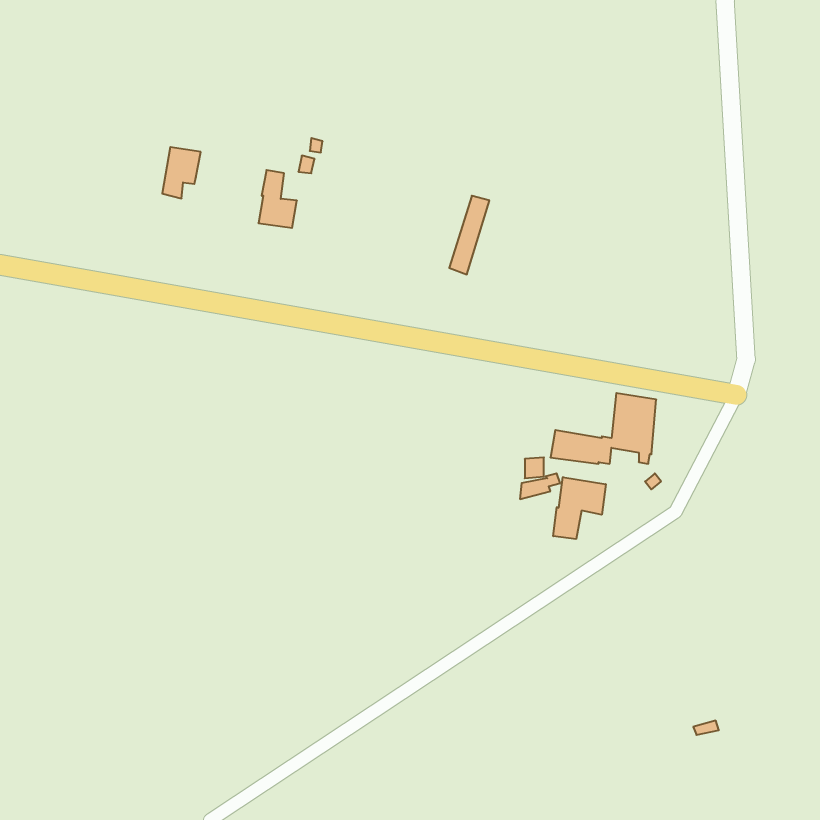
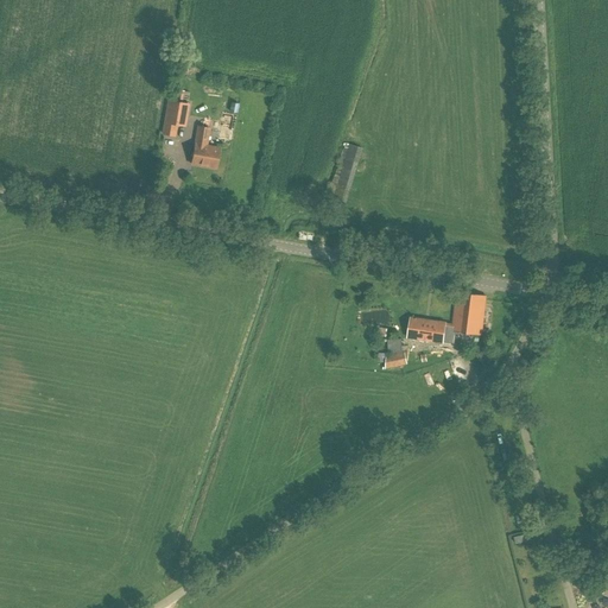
building: [162,147,201,198] -> [162,100,190,138]
building: [553,477,606,539] -> none

